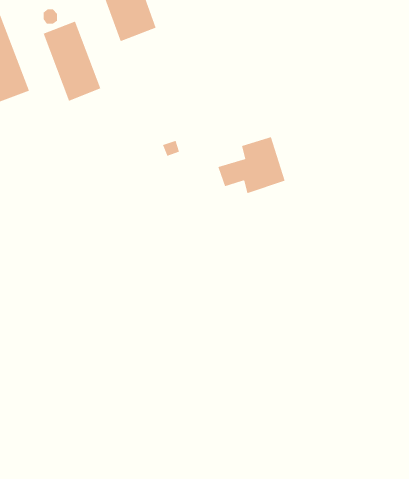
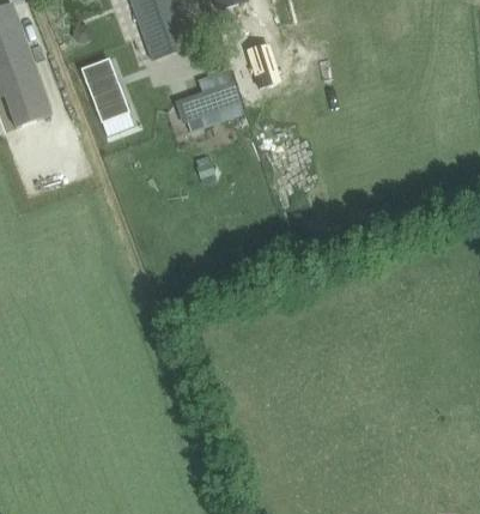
building: [218,136,286,194] -> [169,72,238,131]

